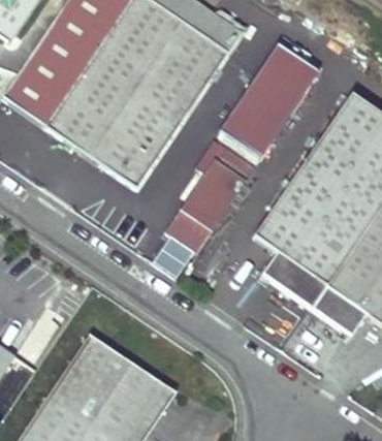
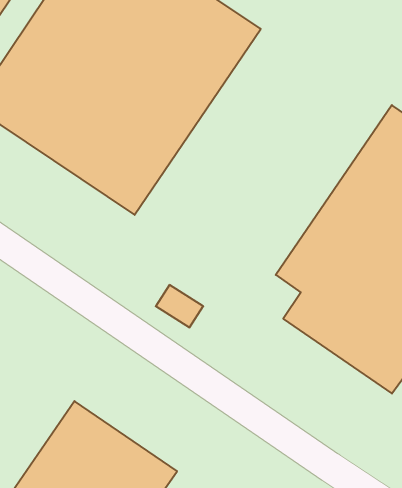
building: [224,46,319,162] -> none
building: [165,151,254,252] -> none

